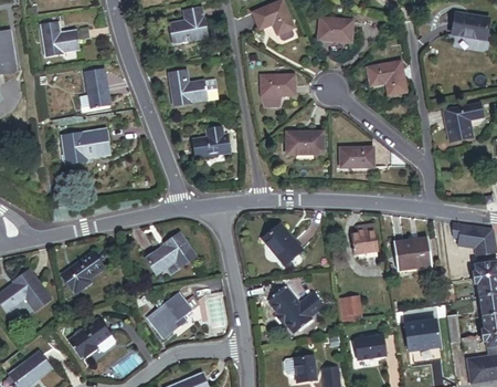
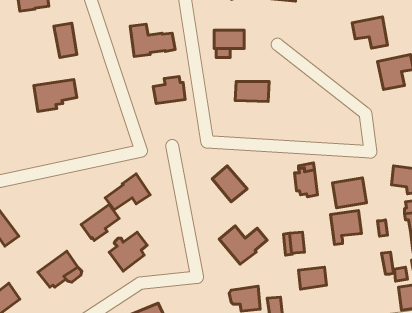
building: [370,60,409,94] -> [352,17,387,48]
building: [340,147,373,166] -> none
building: [59,253,101,293] -> [81,204,119,241]
building: [405,320,440,357] -> [331,211,362,245]

